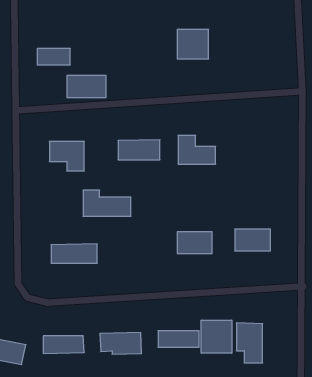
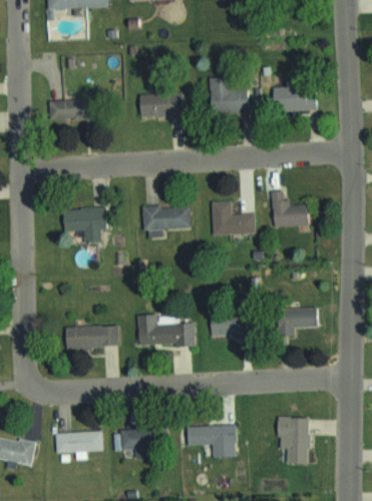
building: none -> [273,84,318,111]
building: [67,76,106,97] -> [139,93,184,118]
building: none -> [272,190,307,225]
building: [83,190,131,216] -> [137,315,193,345]
building: [201,320,232,353] -> none

